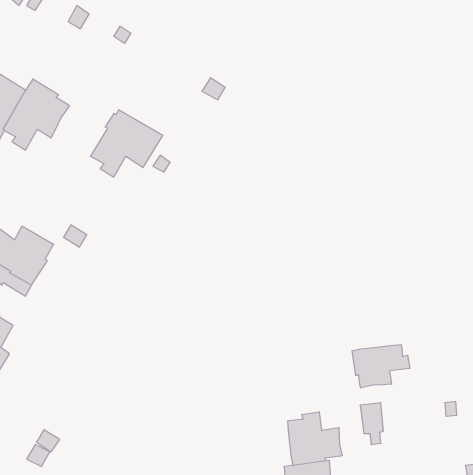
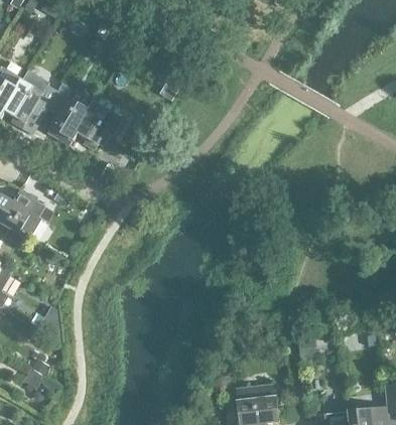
building: none -> [46,84,94,141]
building: [352,345,410,388] -> none
building: [288,412,342,465] -> none

